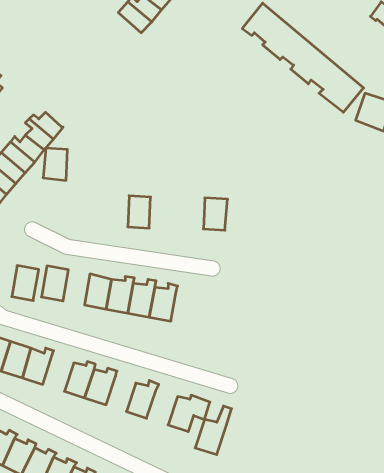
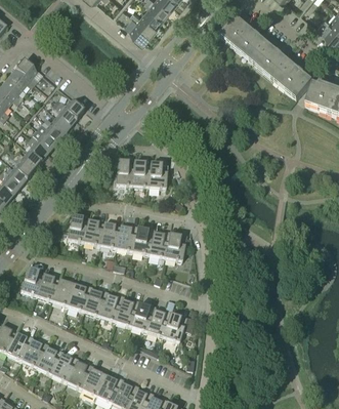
building: [43,148,67,180] -> [115,161,133,186]
building: [203,198,228,230] -> [149,163,167,188]
building: [12,266,39,301] -> [83,218,103,245]
building: none -> [165,233,186,260]
building: none -> [68,283,92,311]
building: none -> [116,298,139,326]
building: [195,406,232,455] -> [146,299,174,336]

